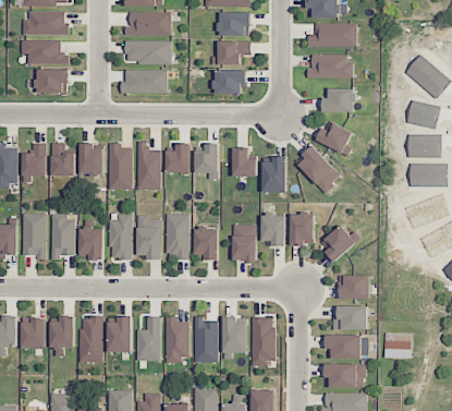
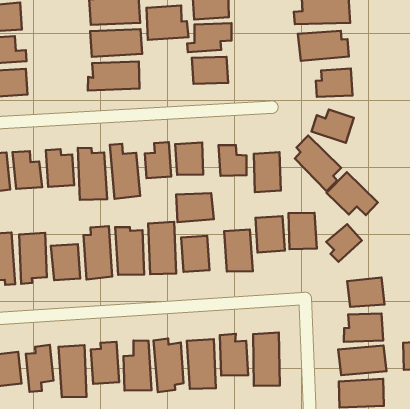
building: none -> [147,5,189,40]
building: none -> [327,172,378,215]
building: none -> [176,193,214,222]

